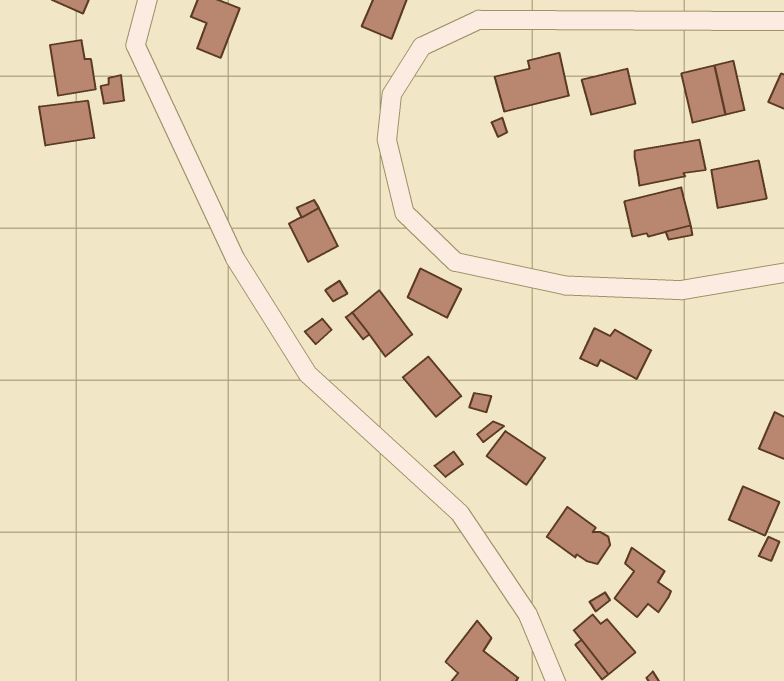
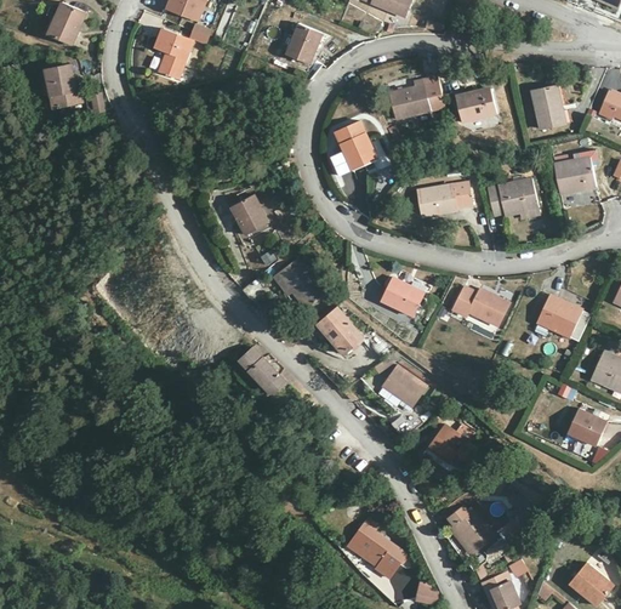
building: [39,101,94,146] -> none
building: none -> [336,121,376,170]
building: [635,140,706,186] -> [418,182,473,217]
building: [408,269,461,318] -> [382,278,423,315]
building: none -> [536,294,582,336]
building: none -> [239,348,286,395]
building: [615,548,671,617] -> none

